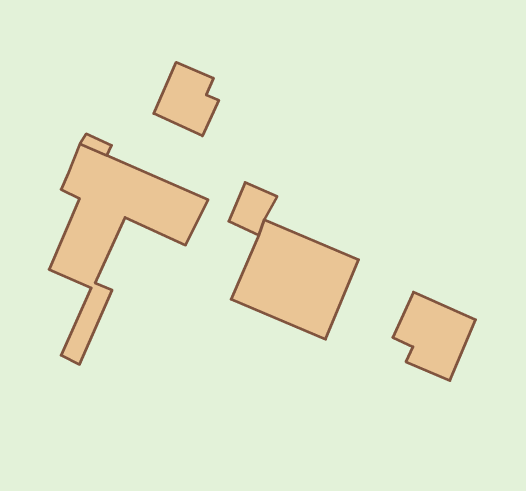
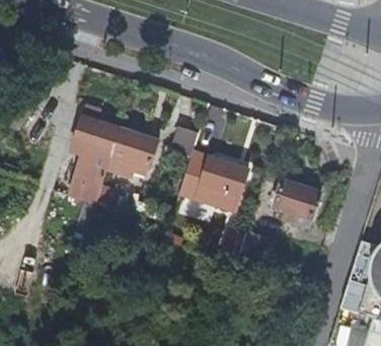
building: [154,62,219,136] -> none

